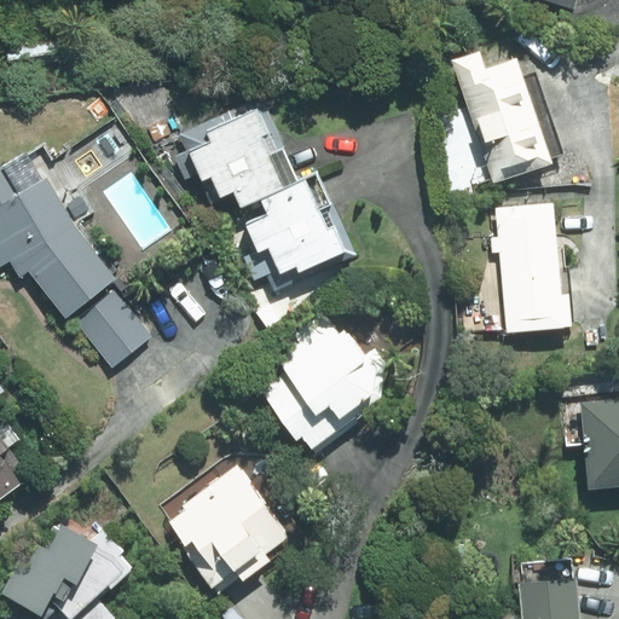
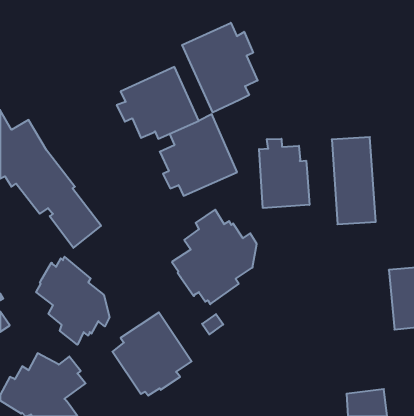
building: none -> [182,23,258,112]
building: [452,52,550,183] -> none
building: none -> [259,139,309,208]
building: none -> [36,257,109,345]

